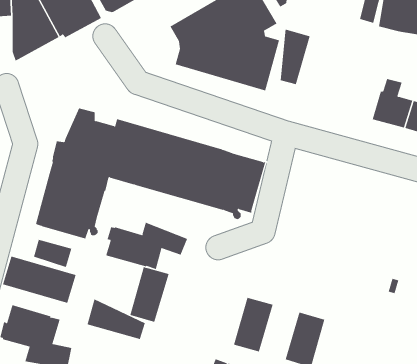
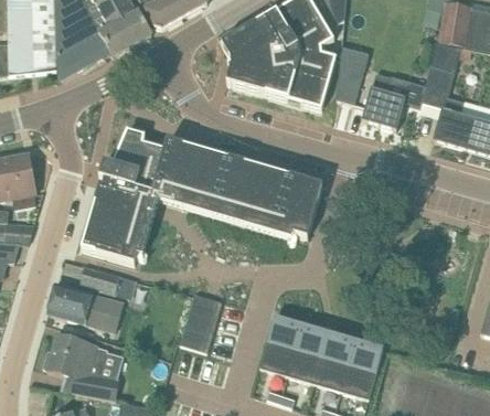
building: none -> [420,42,460,113]
building: none -> [361,72,405,129]
building: [106,222,188,270] -> none
building: none -> [259,318,301,375]
building: [87,299,146,340] -> none
building: none -> [315,333,355,391]

